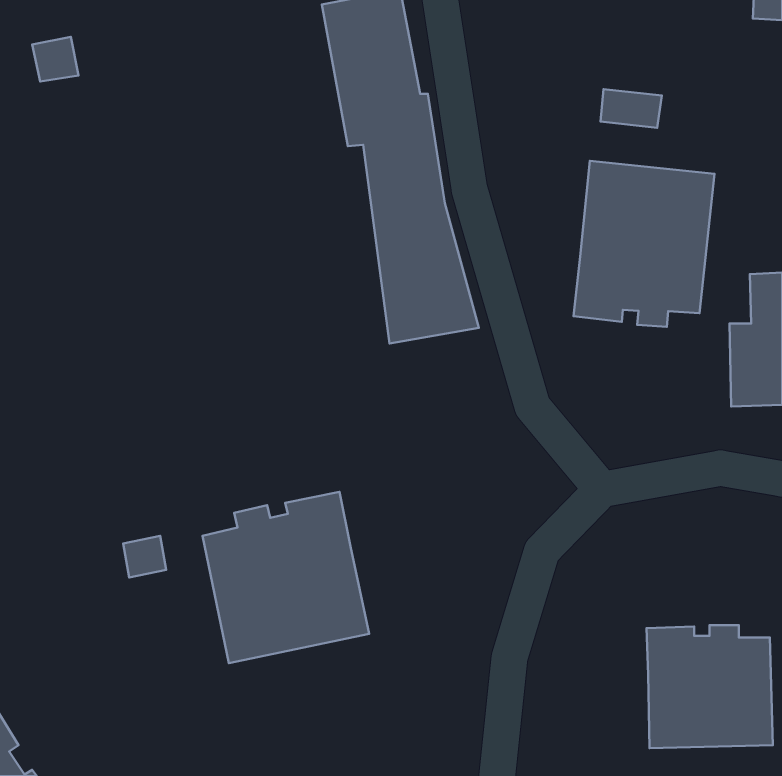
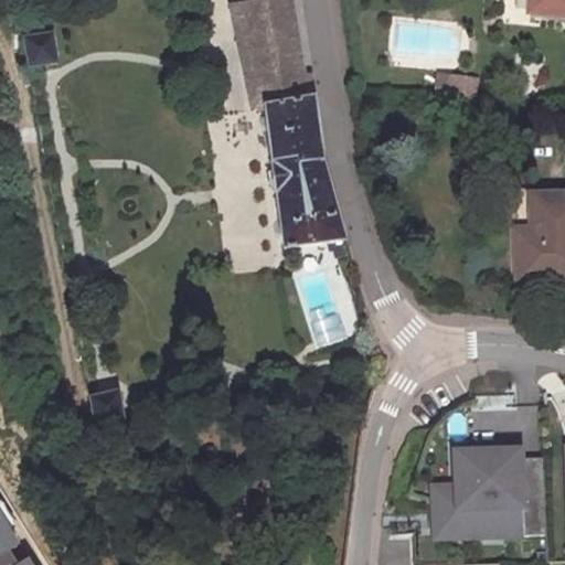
building: [573,161,714,327] -> none
building: [203,492,369,663] -> none
building: none -> [440,483,466,537]

